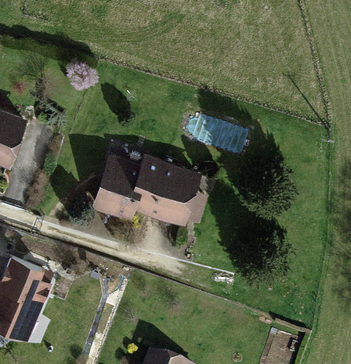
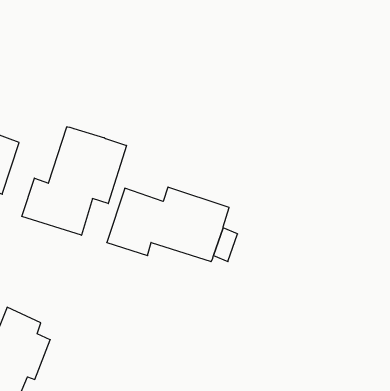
building: none -> [22,127,126,235]

